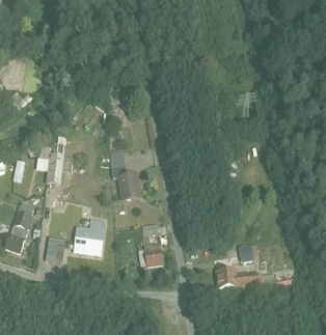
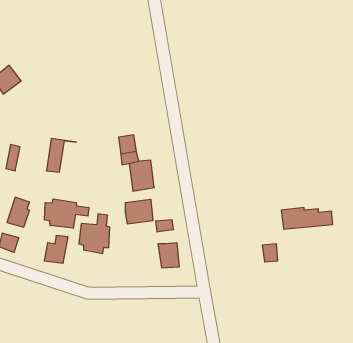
building: none -> [45,199,89,228]
building: none -> [125,199,153,224]
building: [215,269,260,287] -> [281,208,333,229]

